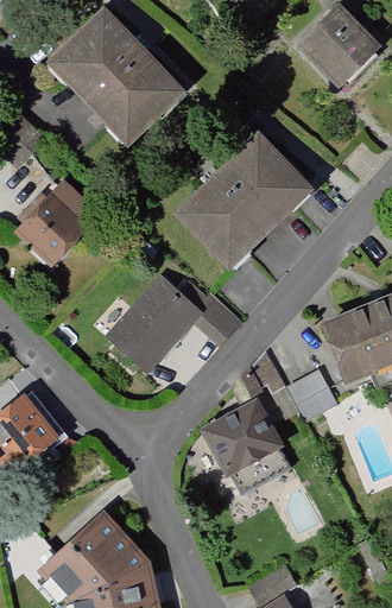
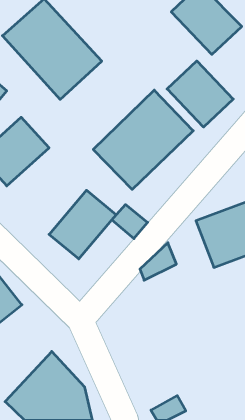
building: none -> [167,61,233,127]
building: [292,372,341,419] -> none
building: [197,398,286,482] -> none

